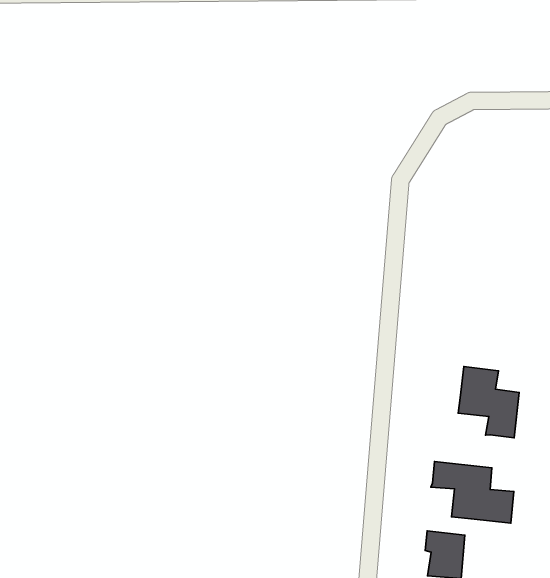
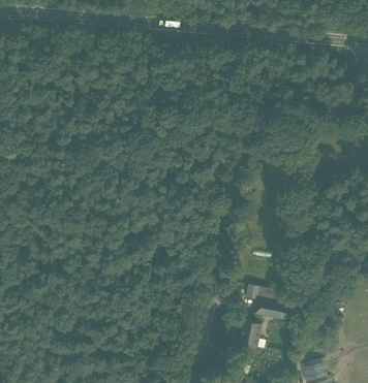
building: [458,366,519,438] -> none

